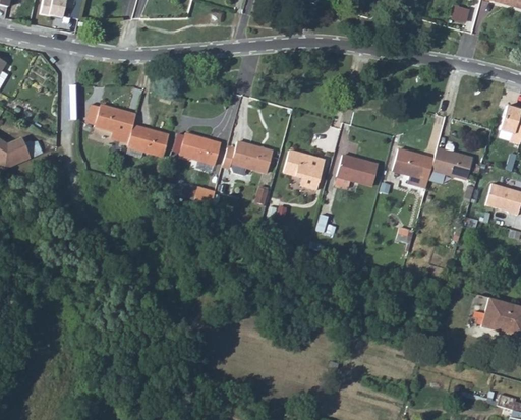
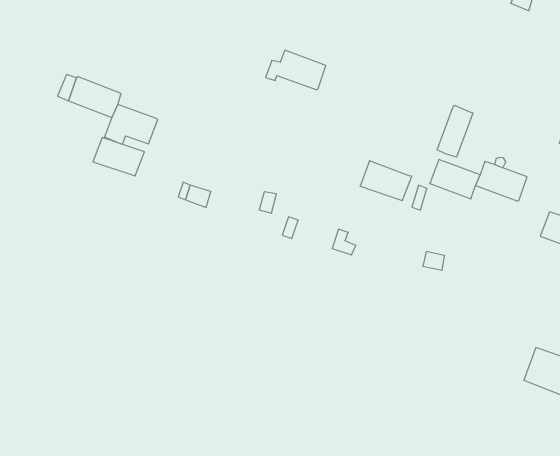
building: none -> [437,105,473,157]
building: [180,131,222,161] -> [93,138,144,176]
building: [224,139,273,170] -> [266,50,326,90]
building: [284,149,326,188] -> none

